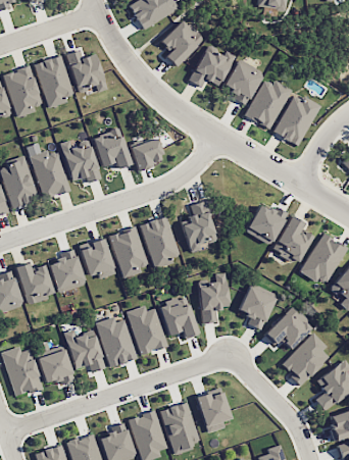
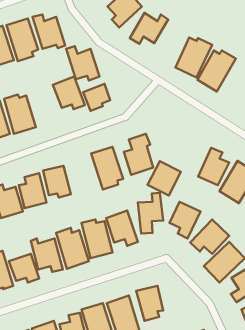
building: [223,59,262,105] -> none
building: [59,140,101,183] -> [66,46,99,81]
building: [245,202,287,245] -> [148,161,181,195]
building: [108,226,148,277] -> none

